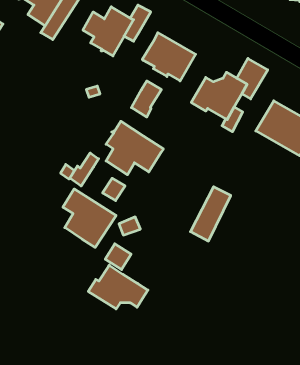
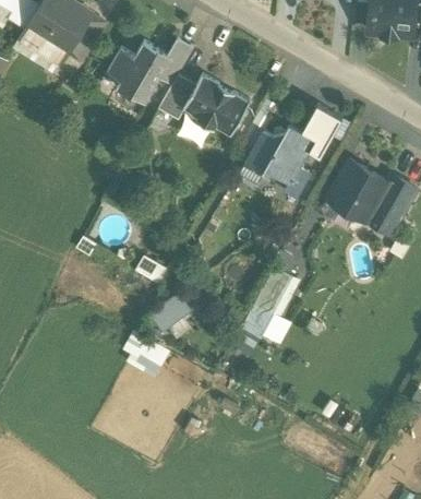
building: [131,81,161,117] -> [158,73,196,119]
building: [106,121,163,175] -> none
building: [70,153,99,186] -> none
building: [63,189,116,247] -> none
building: [88,265,148,309] -> none

